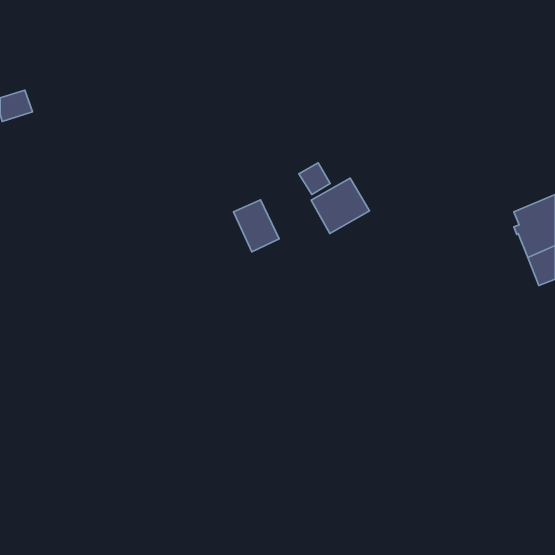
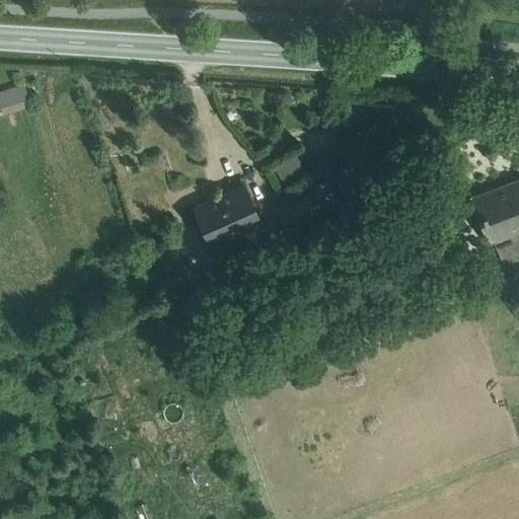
building: [311,178,370,234] -> none
building: none -> [194,198,235,246]

